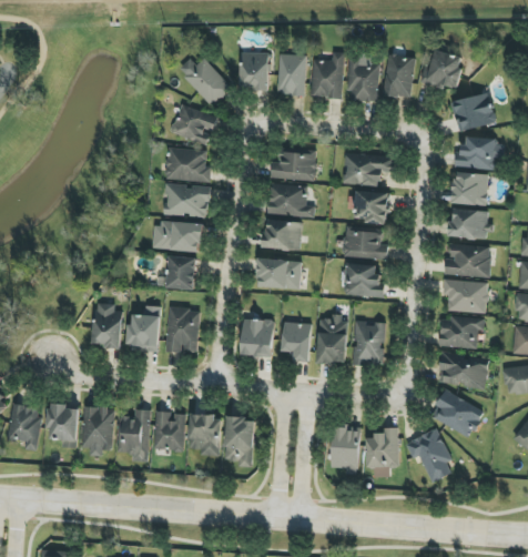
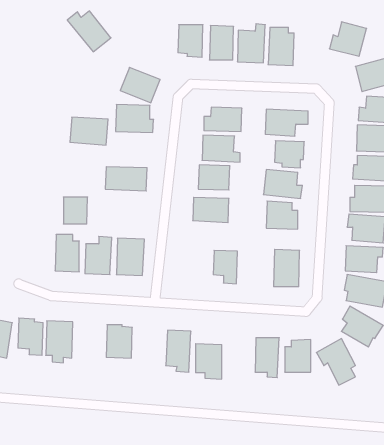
building: [384,54,415,98] -> none
building: [179,57,231,105] -> [67,11,111,52]
building: [164,184,210,217] -> [70,117,108,145]
building: [167,256,196,288] -> [63,197,88,224]
building: [318,314,346,363] -> none
building: [242,318,274,356] -> none
building: [118,409,150,462] -> none
building: [190,414,221,456] -> [196,344,222,379]

